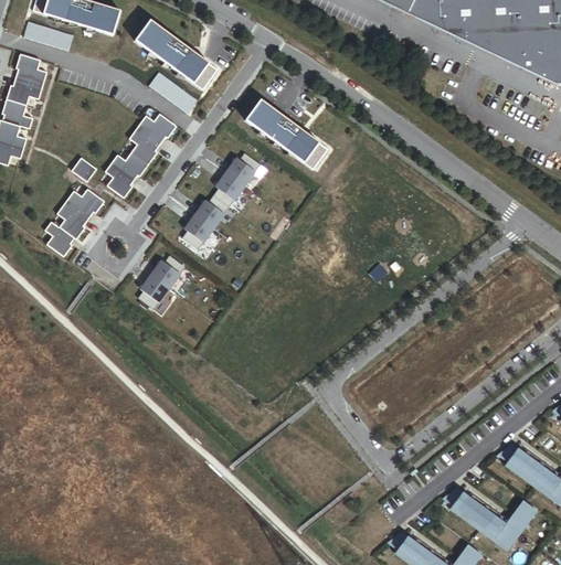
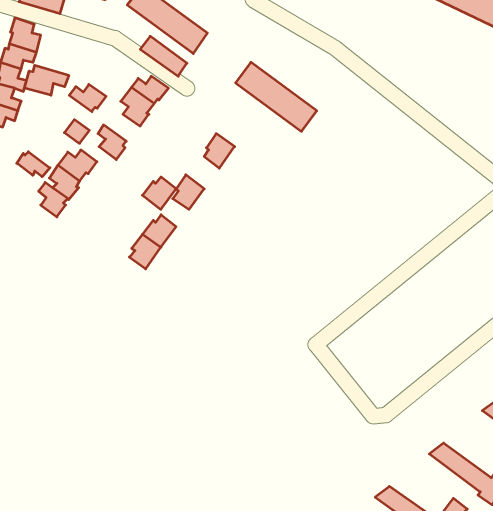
building: none -> [24,65,69,95]
building: [110,151,148,179] -> [69,84,106,112]
building: [225,152,260,184] -> none
building: none -> [17,152,50,177]
building: [194,194,229,227] -> [142,177,176,209]

